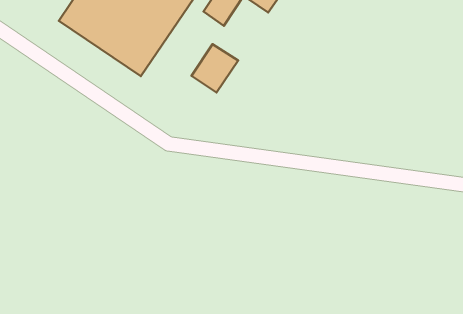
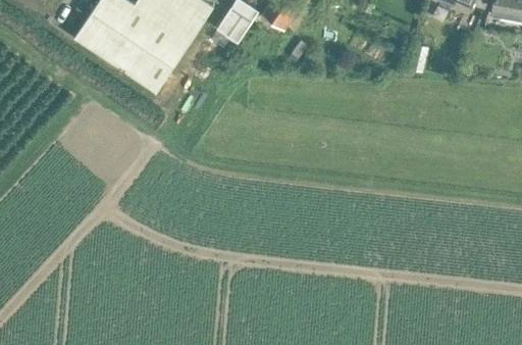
building: [192,44,238,92] -> none

